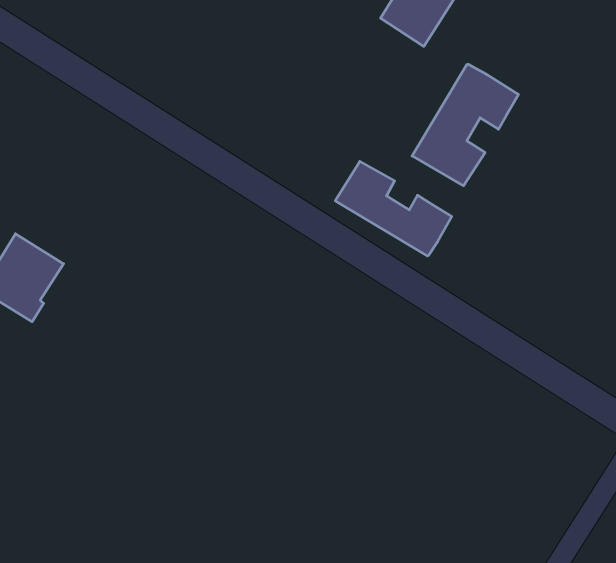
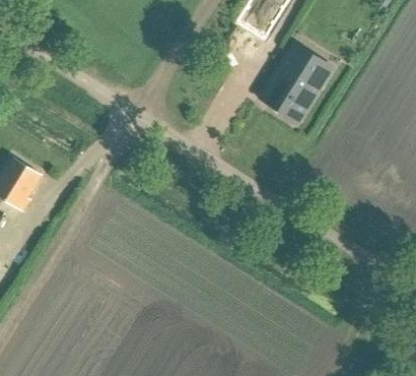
building: [335,161,452,256] -> none

